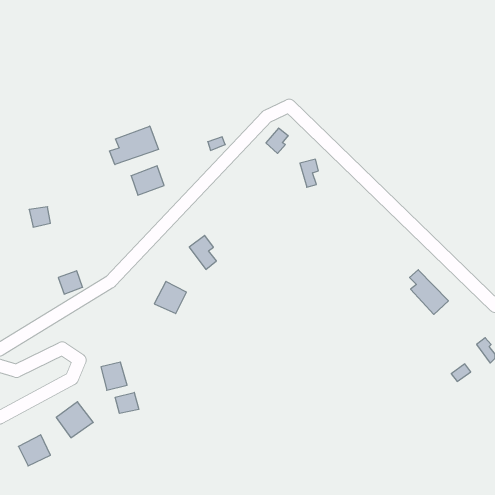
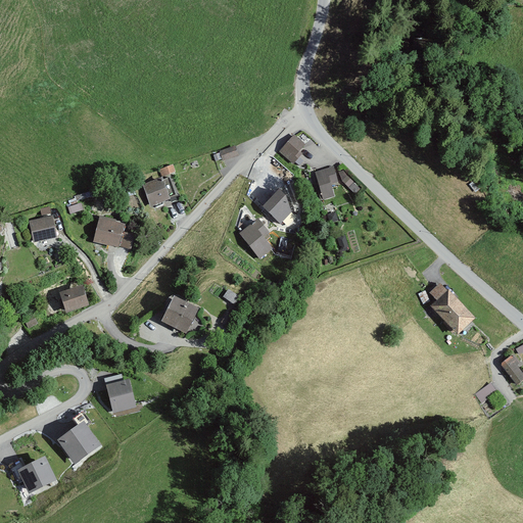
building: [110,126,158,165] -> none
building: none -> [265,190,289,220]
building: none -> [93,218,126,248]
building: [189,235,216,269] -> [241,220,270,255]
building: [115,392,139,413] -> none

